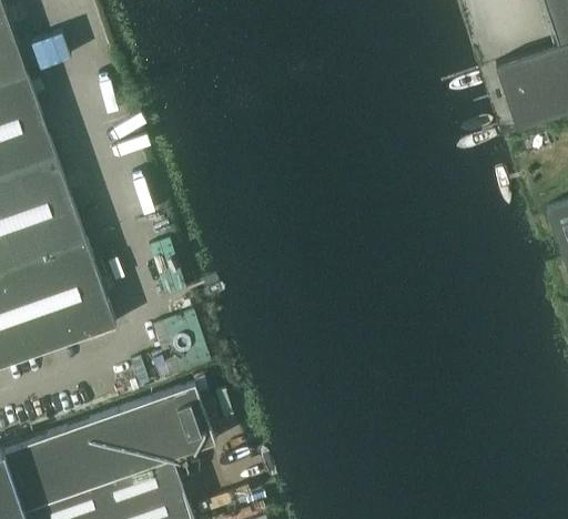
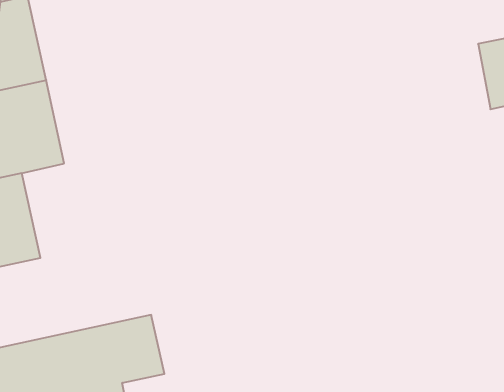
building: [44,243,116,343] -> none

